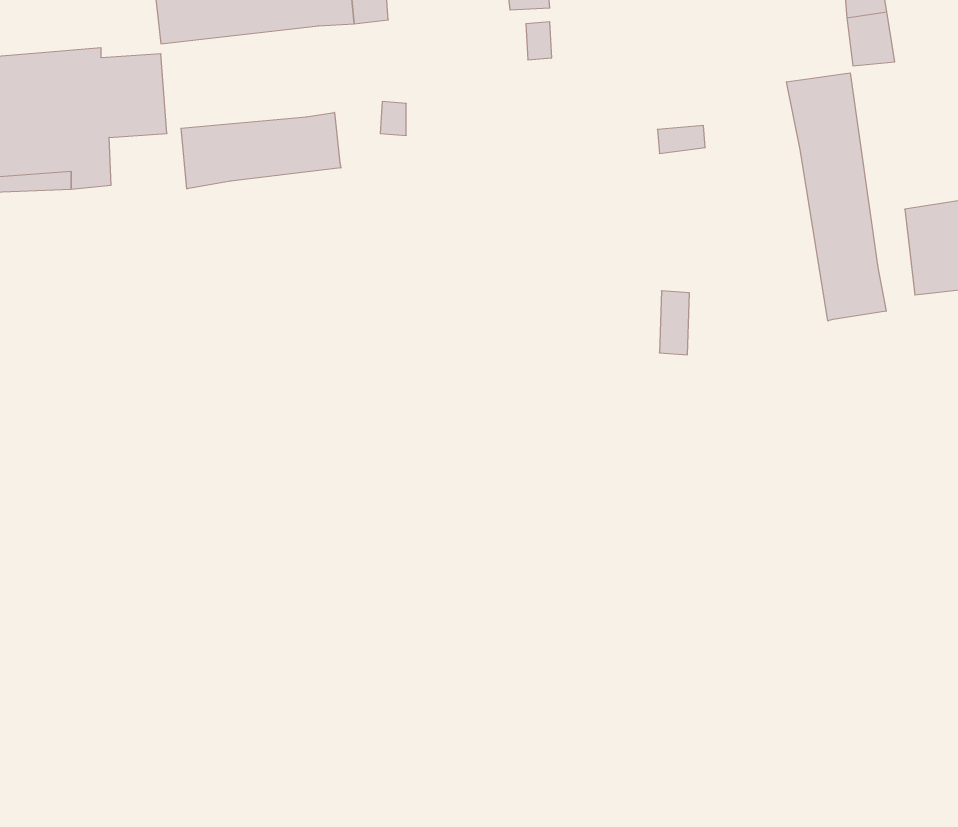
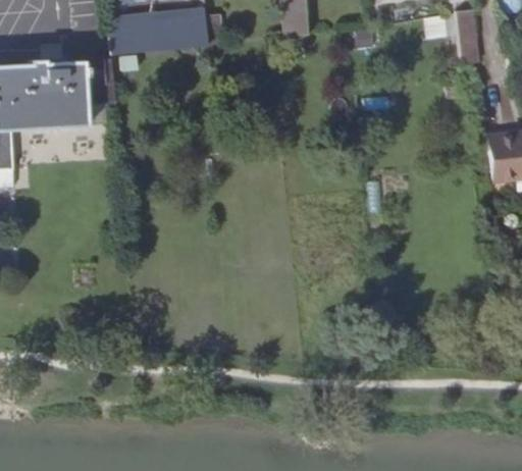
building: [787,73,886,321] -> none
building: [181,112,341,189] -> none

